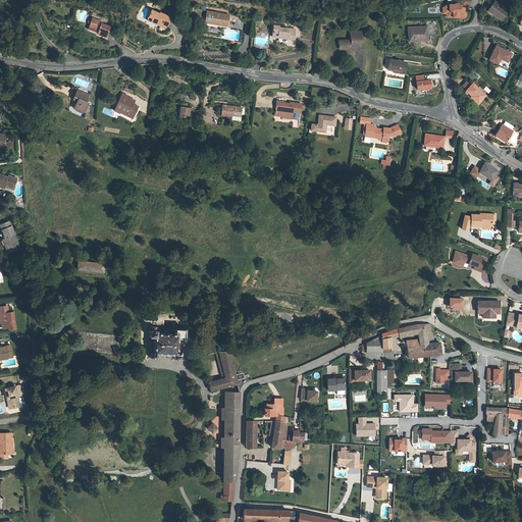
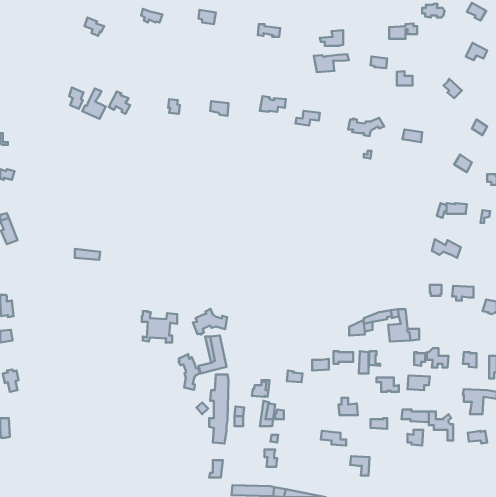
building: none -> [314,54,349,72]
building: none -> [82,88,106,119]
building: none -> [193,309,227,335]
building: none -> [178,354,200,390]

